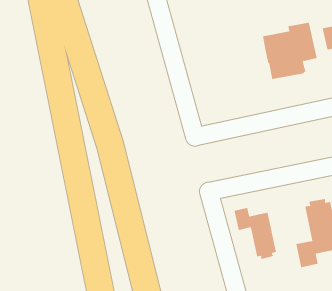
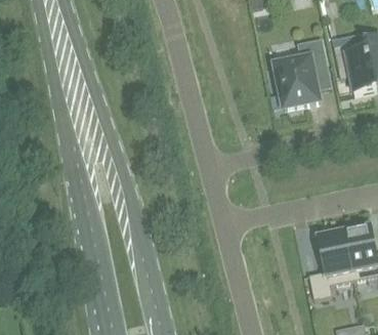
building: [234,207,276,260] -> none

